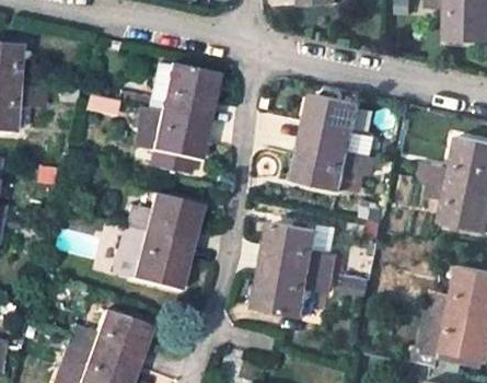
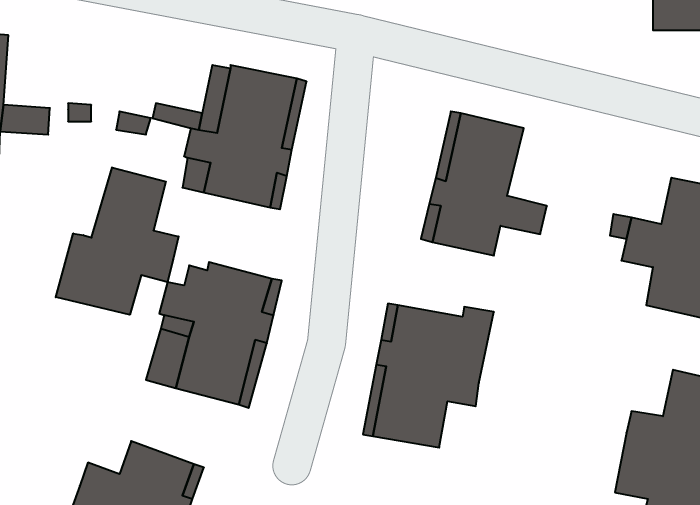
building: none -> [56,167,179,315]

